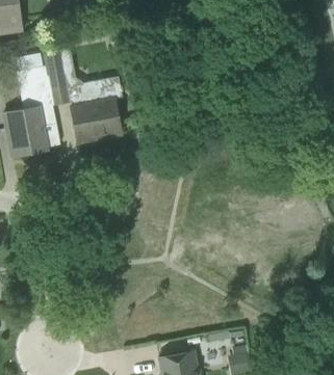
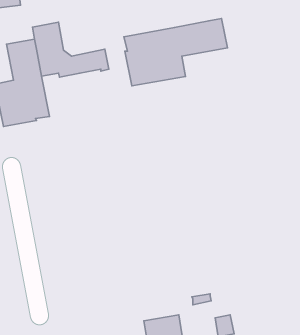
building: none -> [124,18,228,86]
building: [70,98,120,142] -> none

